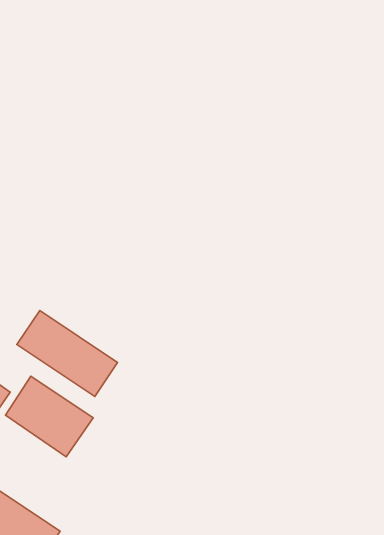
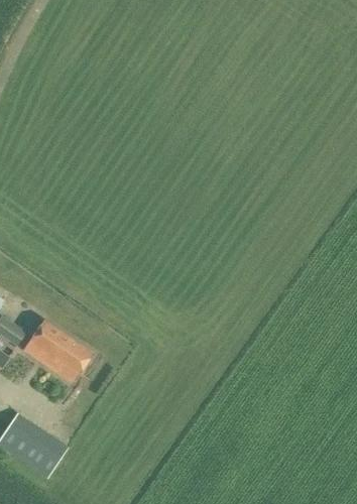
building: [17,311,118,396] -> none

